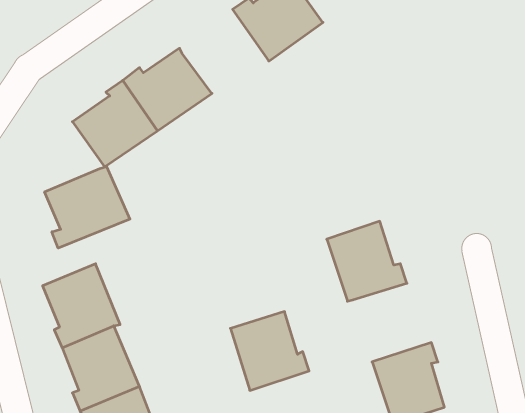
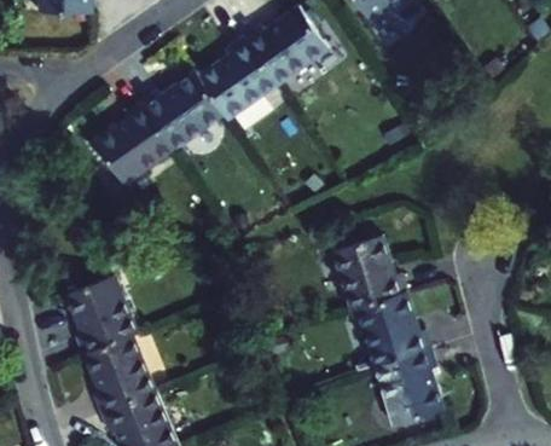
building: none -> [196,39,277,122]
building: [45,166,130,248] -> none
building: [230,312,309,390] -> [355,295,429,369]

